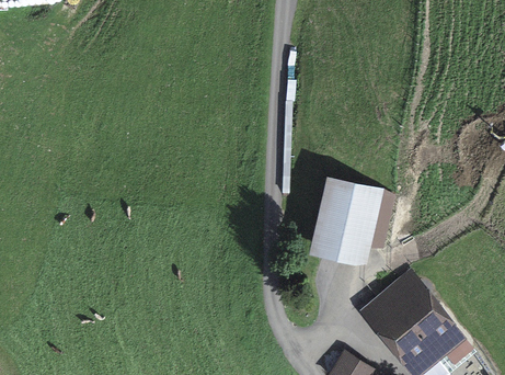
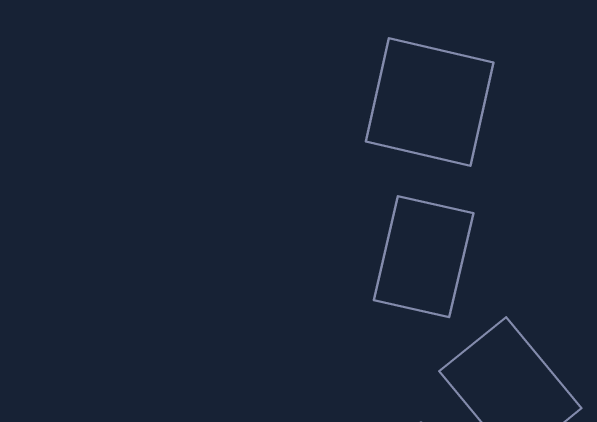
building: none -> [366,38,493,166]

